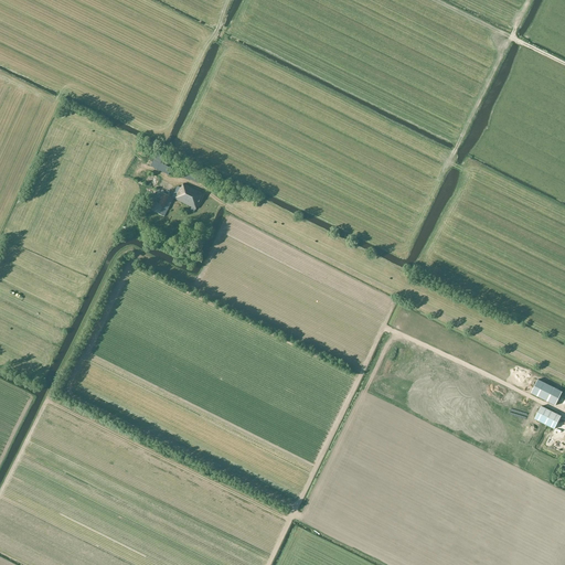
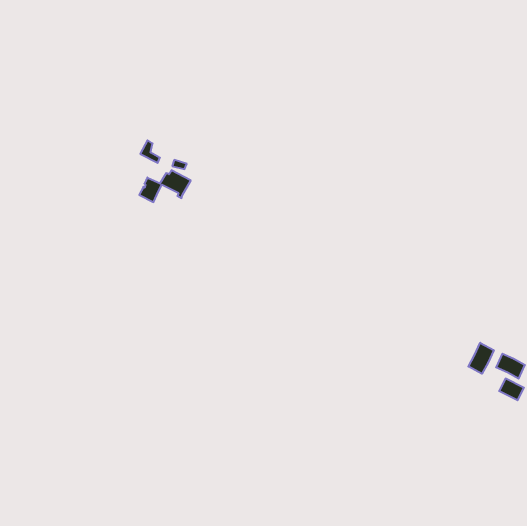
building: none -> [468,343,494,374]

